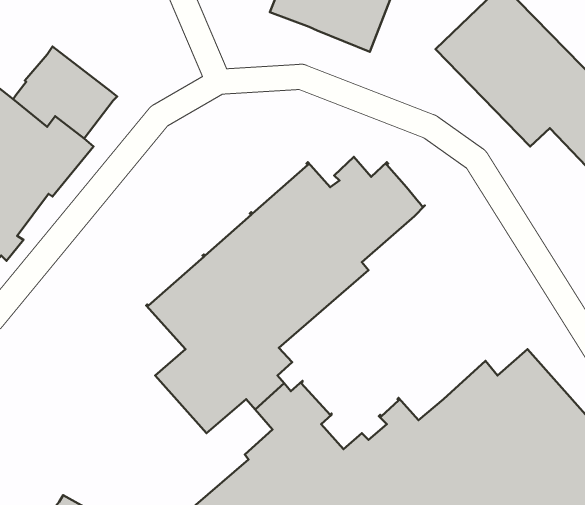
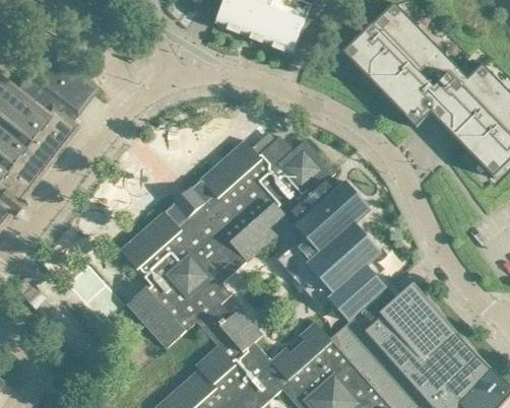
building: none -> [276,181,387,322]

